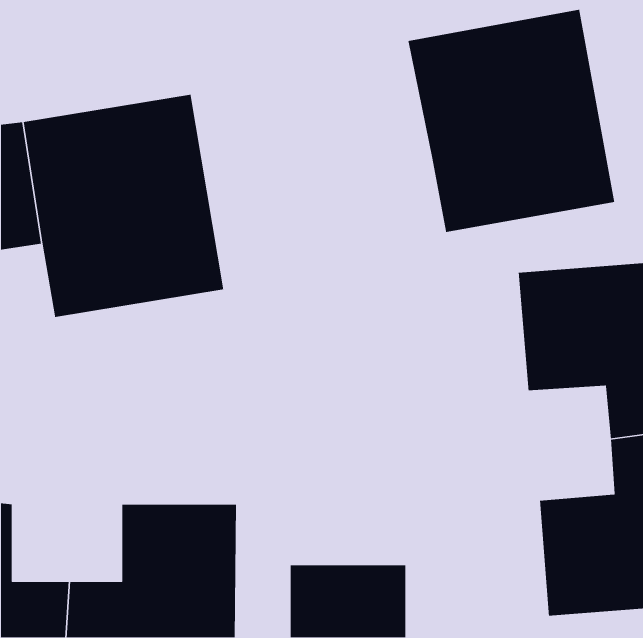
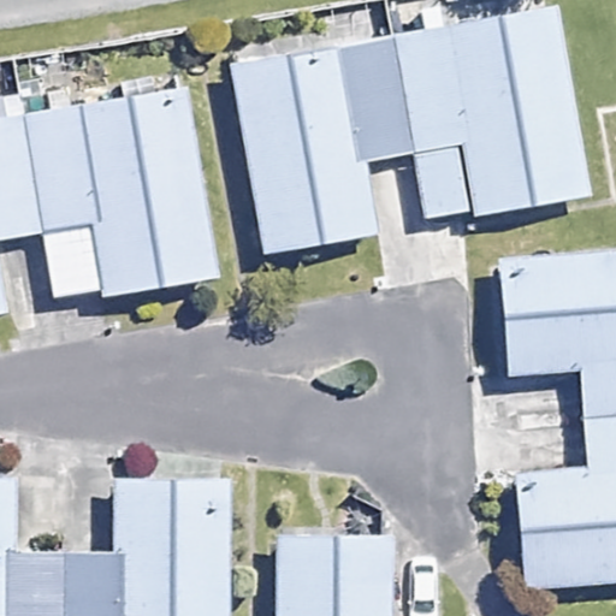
building: none -> [235,38,414,254]

